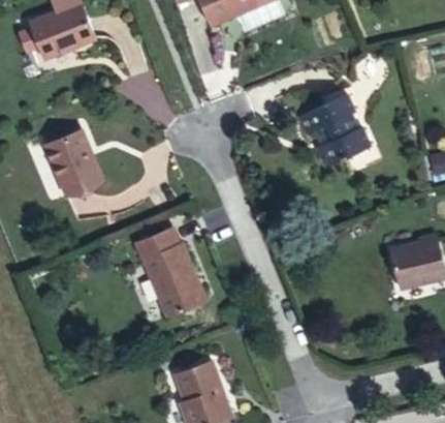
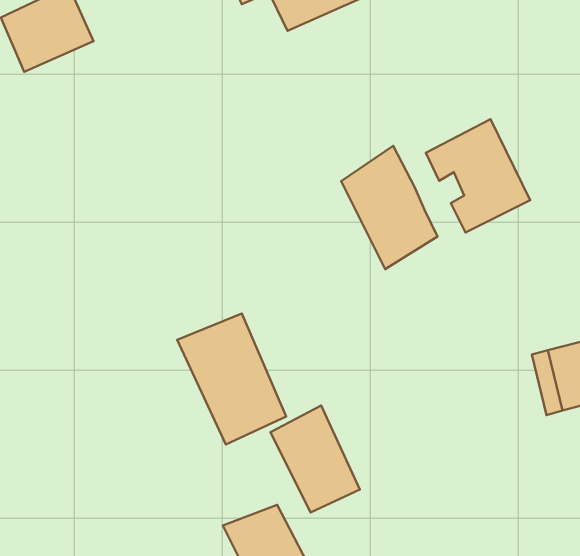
building: none -> [341,146,438,269]
building: [50,137,105,200] -> none
building: none -> [270,406,360,512]

